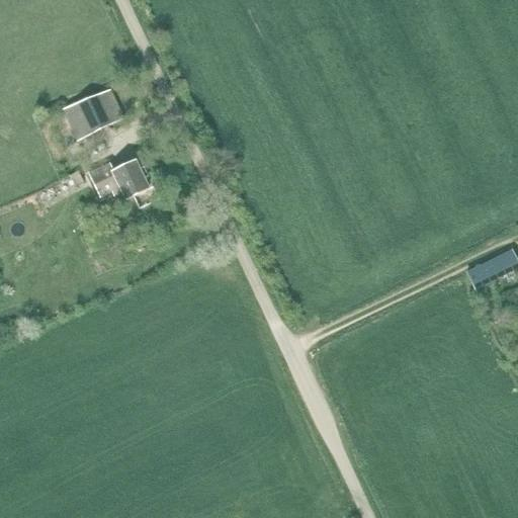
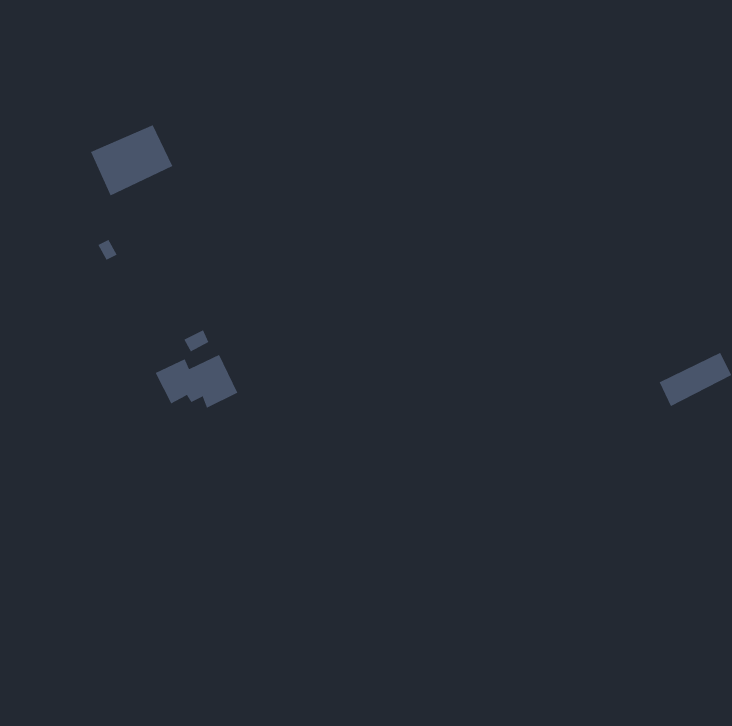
building: [89,160,148,198] -> [155,354,238,409]

